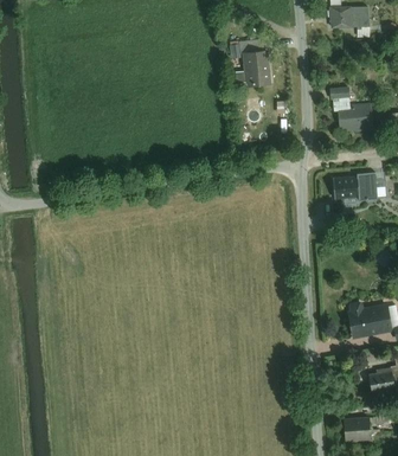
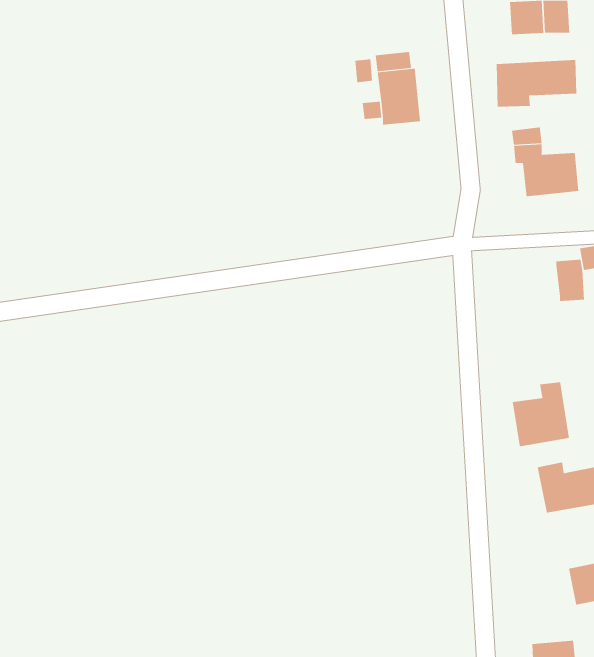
building: none -> [496,59,577,108]
building: [332,175,360,199] -> none
building: none -> [512,381,570,447]

